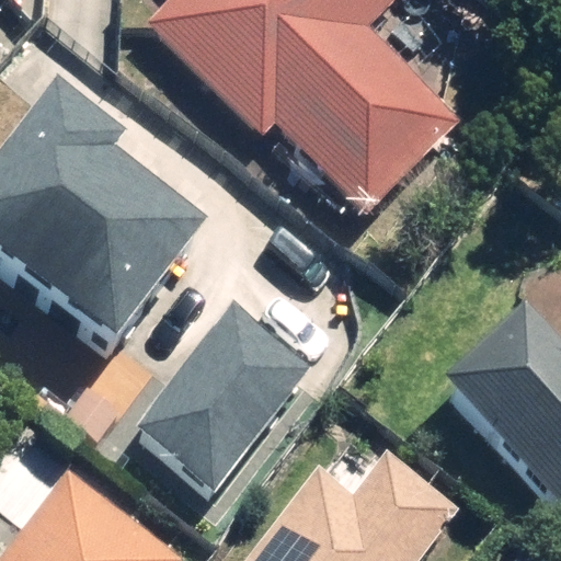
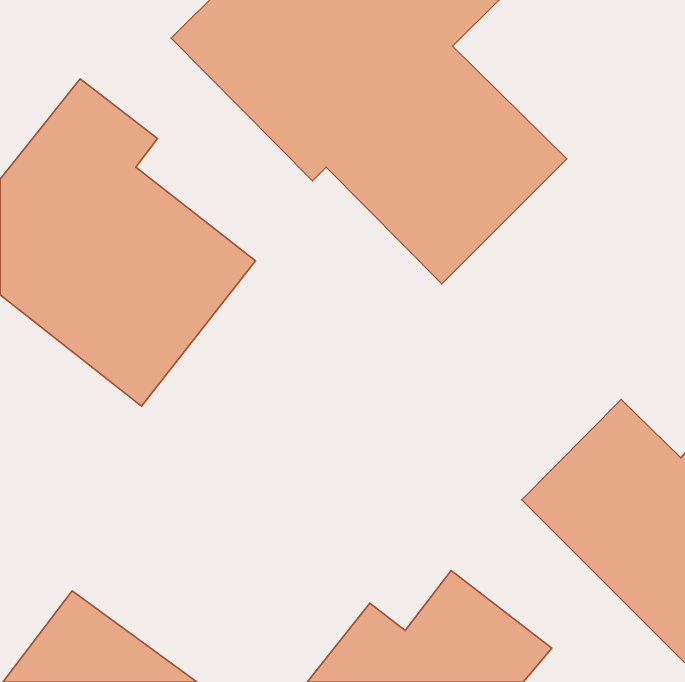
building: [142,289,314,468] -> none

